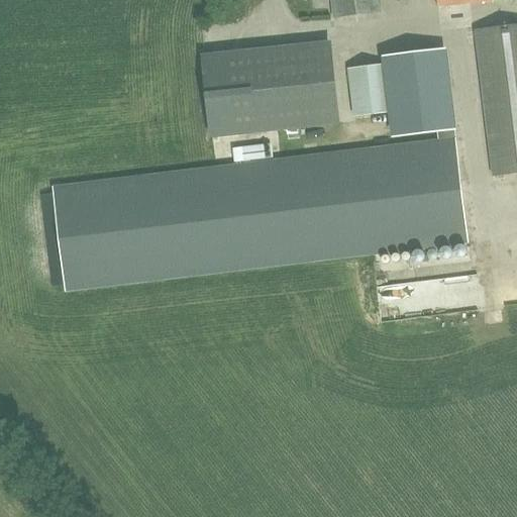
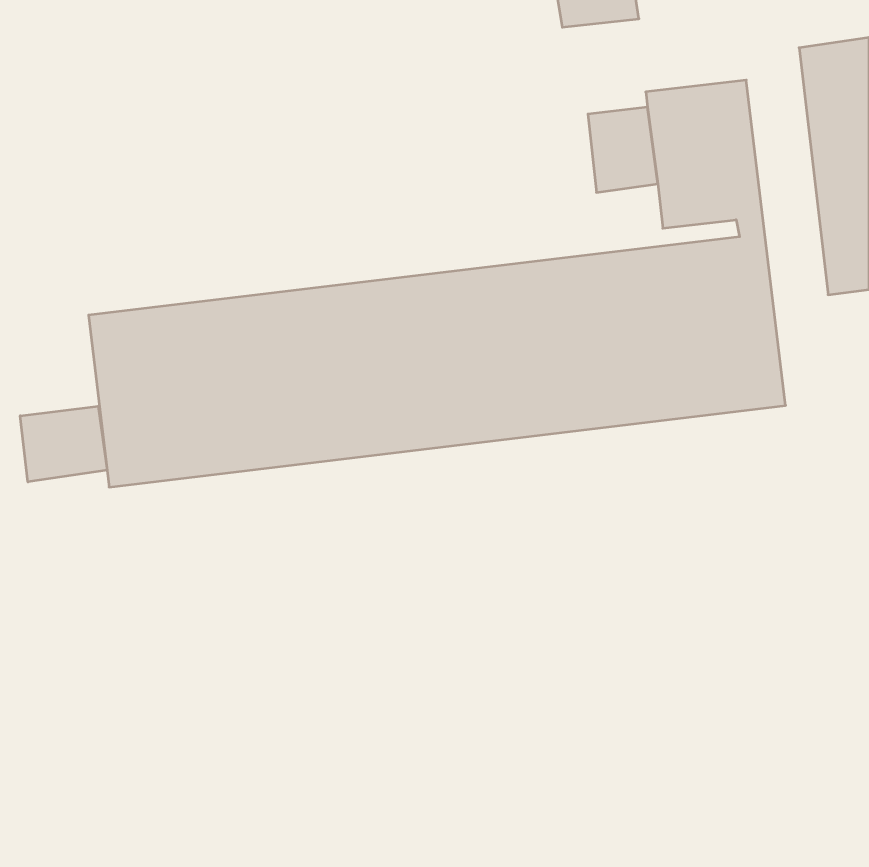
building: [203,41,336,134] -> none
building: none -> [20,406,107,482]

